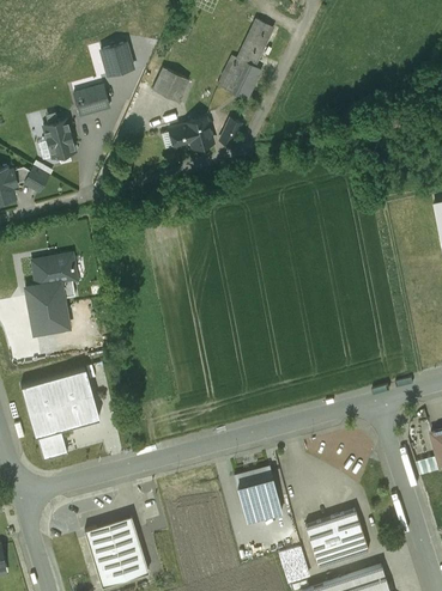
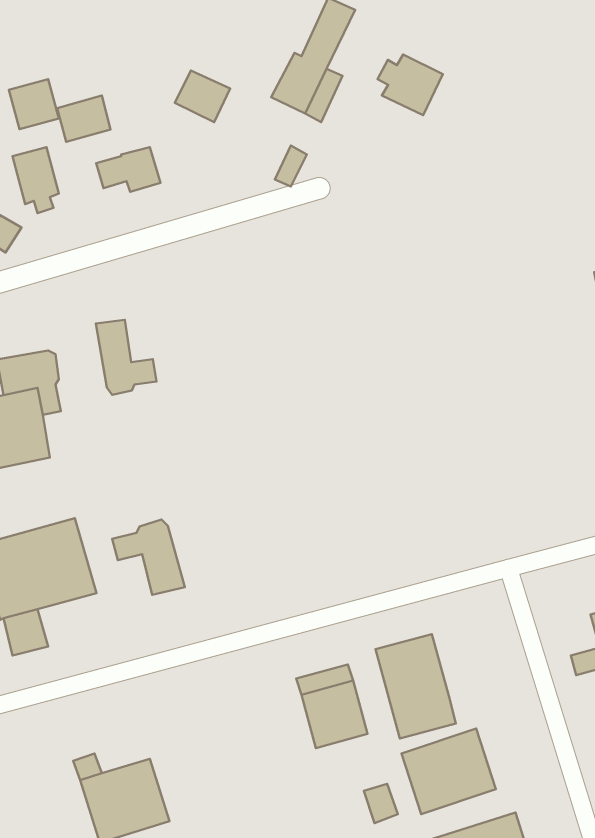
building: [99,42,133,75] -> [9,79,59,129]
building: none -> [377,55,443,115]
building: [169,118,212,148] -> [96,147,161,192]
building: none -> [96,320,156,395]
building: none -> [112,519,185,595]
building: none -> [375,634,456,738]

